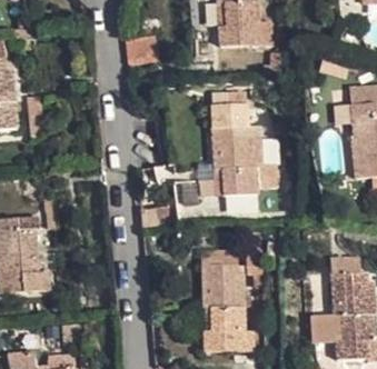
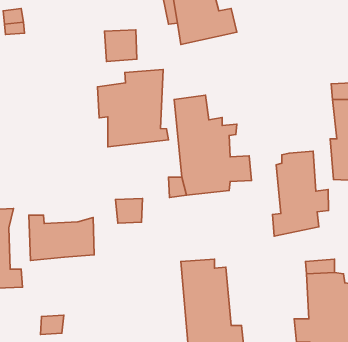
building: none -> [97,70,169,147]
building: none -> [272,151,329,236]
building: none -> [29,215,94,260]

